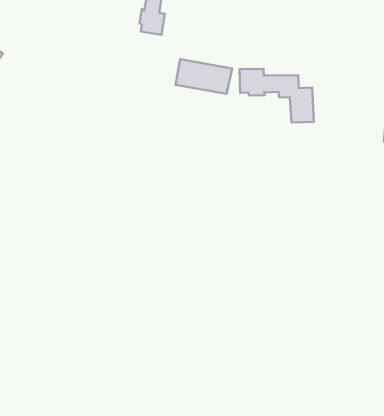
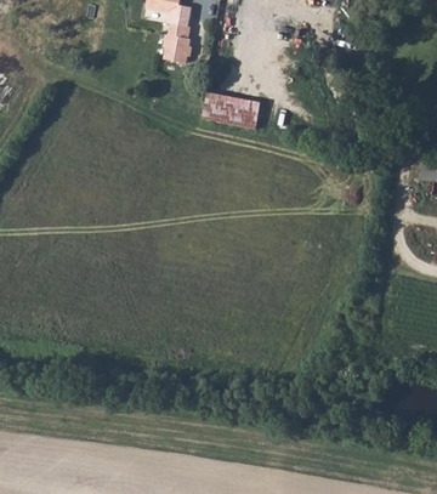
building: [240,69,314,122] -> none

